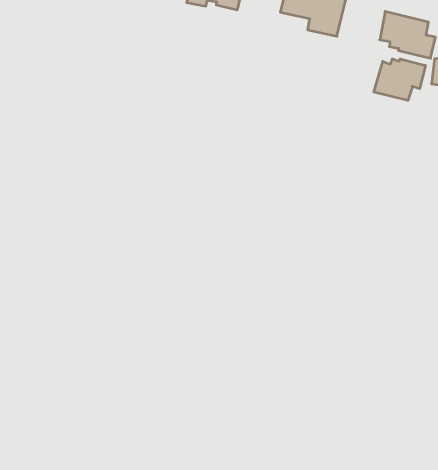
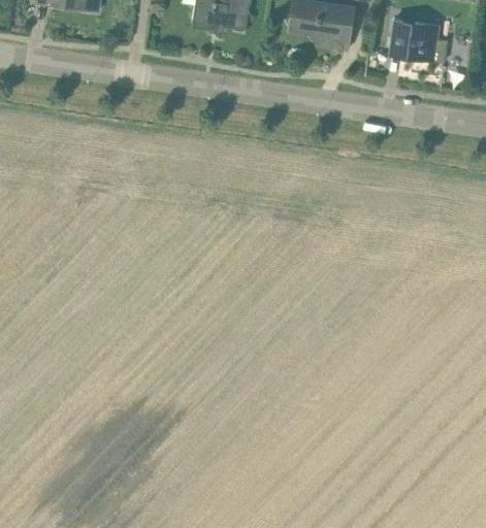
building: [374,59,425,100] -> none

